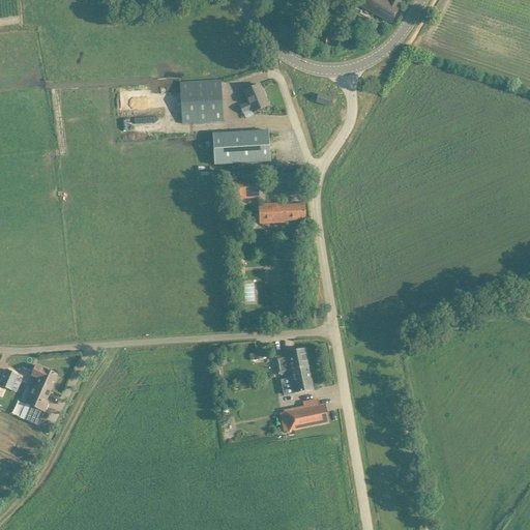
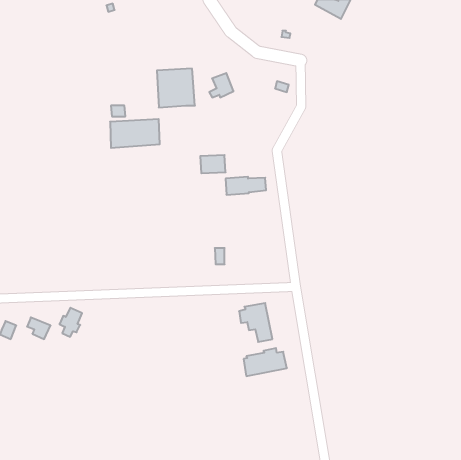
building: [212,131,269,165] -> [110,119,160,148]
building: [25,383,51,416] -> [59,308,82,337]

